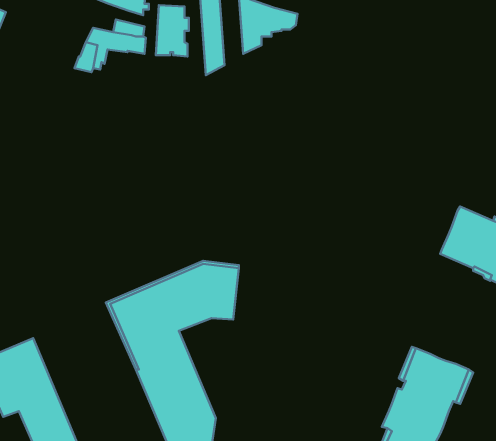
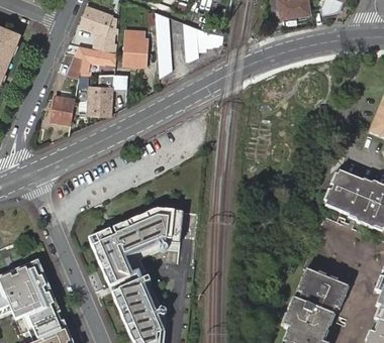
building: none -> [88,75,127,115]
building: none -> [51,95,75,125]

